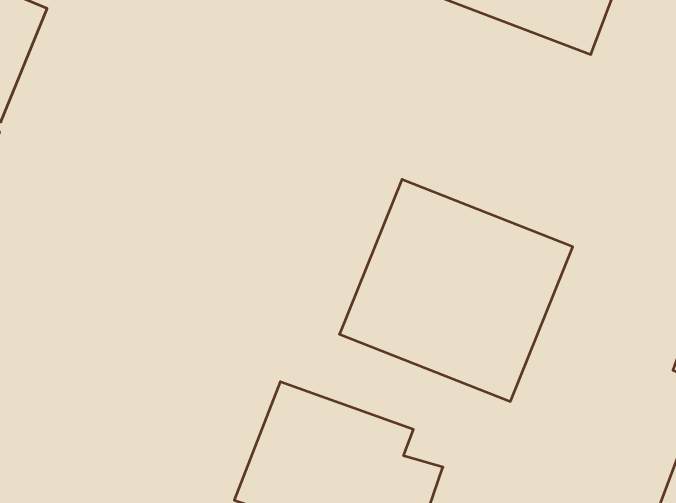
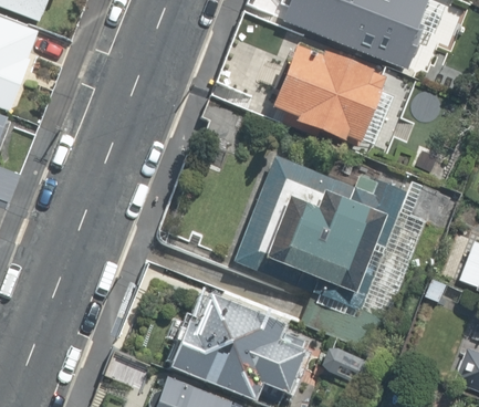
building: none -> [271,44,394,152]

